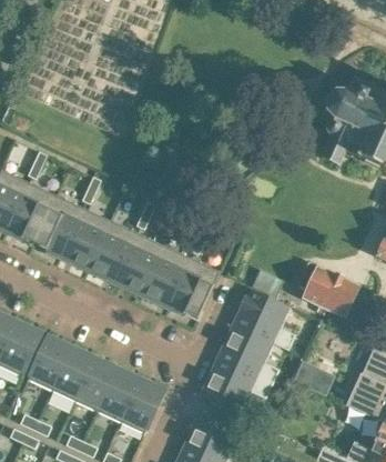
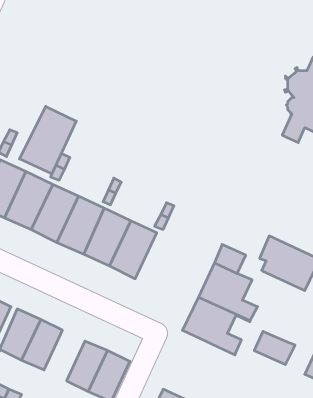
building: none -> [19,106,76,174]
building: [169,258,220,318] -> none
building: [74,359,116,411] -> none
building: [201,359,272,413] -> none

